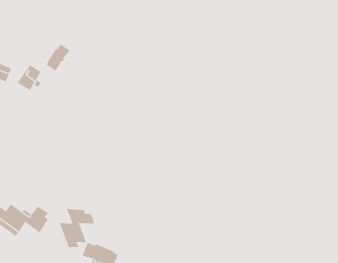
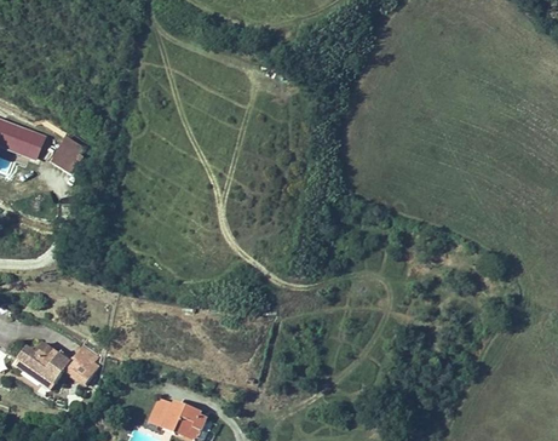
building: [46,44,70,71] -> none
building: [59,208,95,248] -> none

